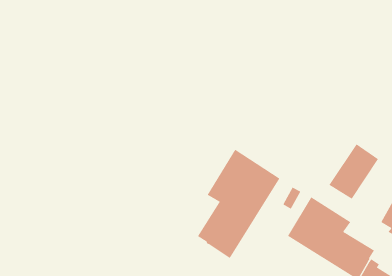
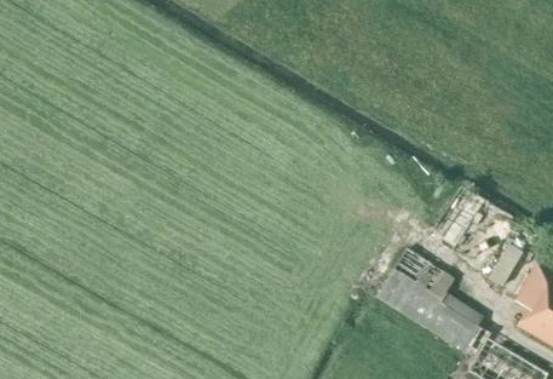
building: [197,149,280,259] -> none

